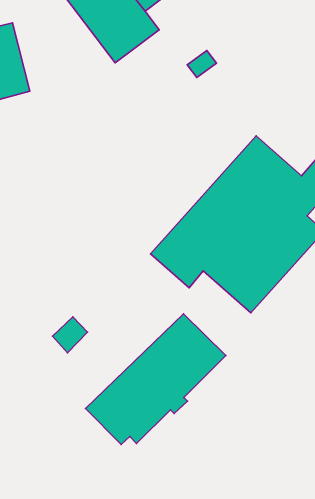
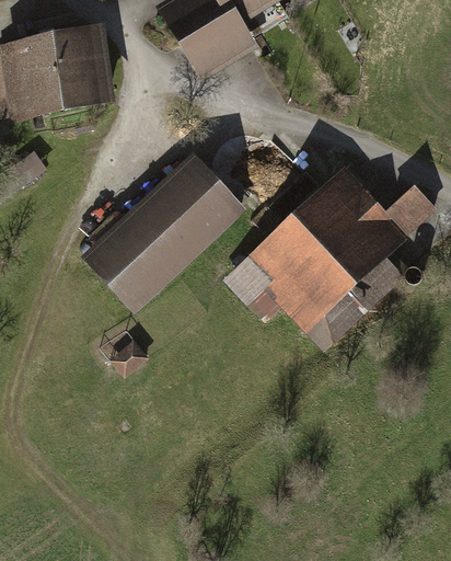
building: none -> [80,150,246,314]
building: [86,314,226,445] -> none

